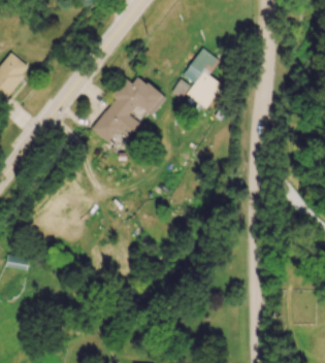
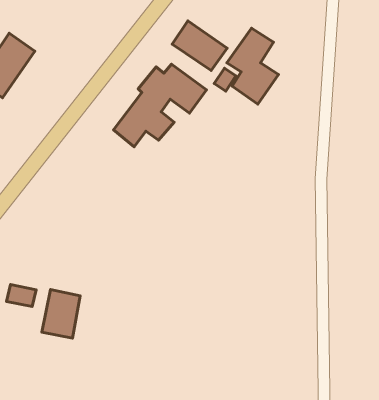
building: none -> [172,21,227,71]
building: none -> [42,289,80,338]

